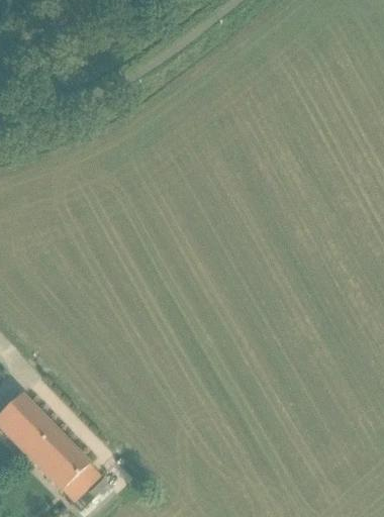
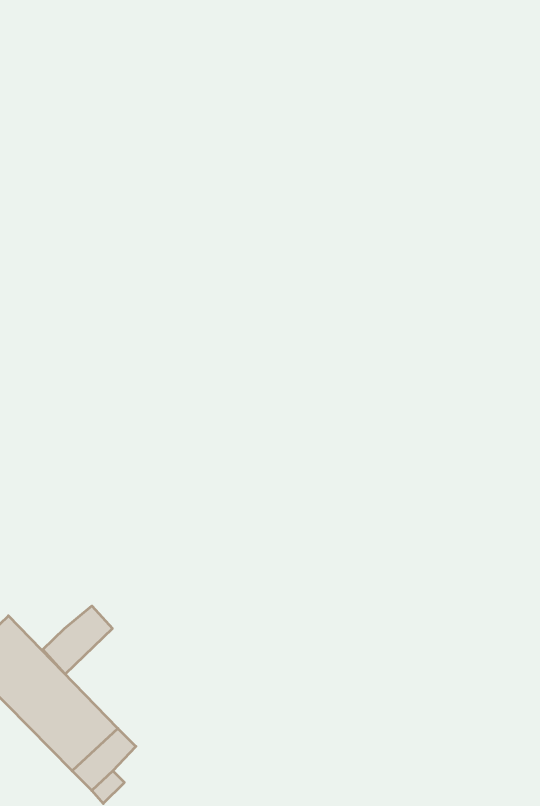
building: none -> [43,606,112,674]

